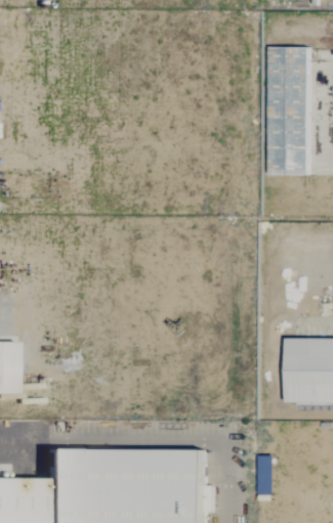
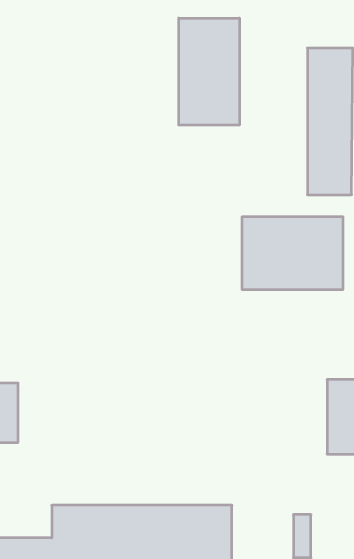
building: none -> [179,18,239,125]
building: none -> [242,217,343,290]

